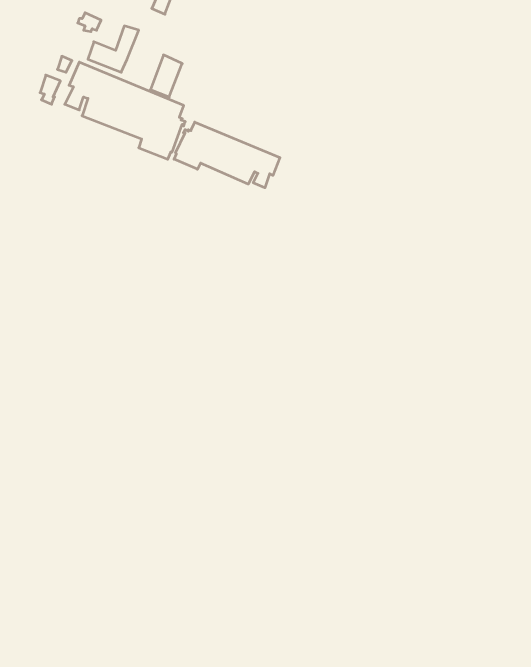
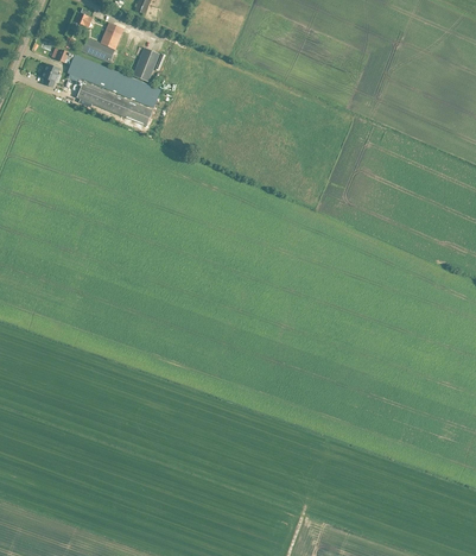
building: [174,122,280,188] -> none

